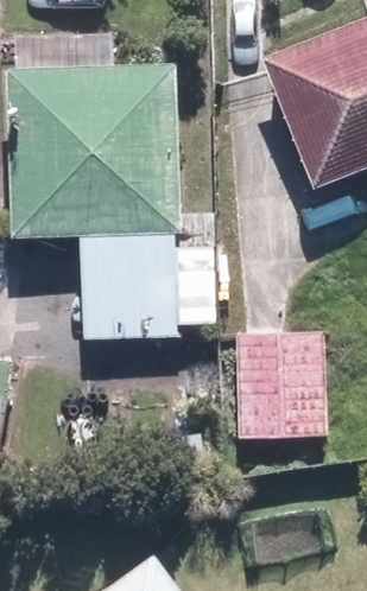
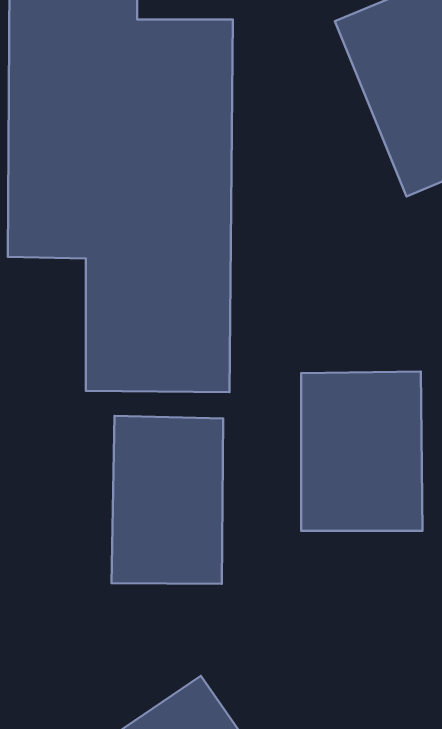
building: none -> [112,416,223,584]

